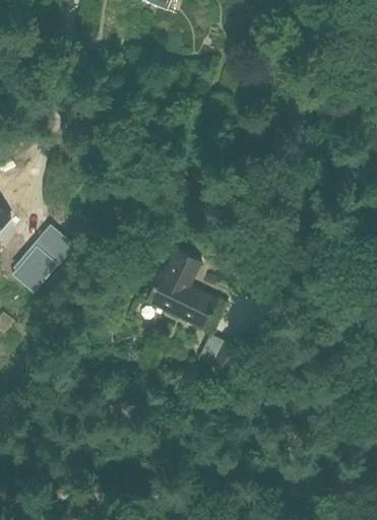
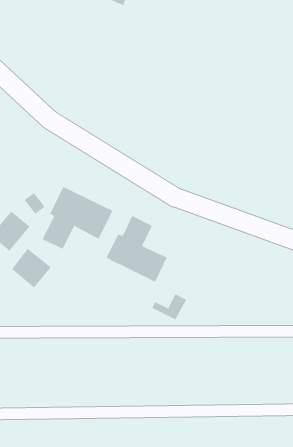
building: none -> [42,186,113,250]
building: none -> [11,248,52,288]

